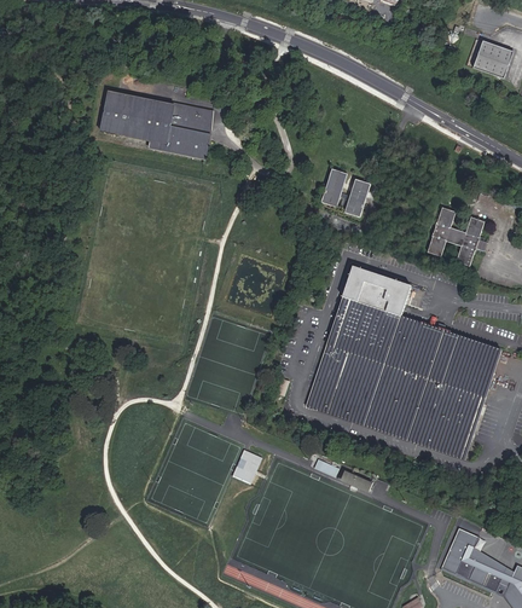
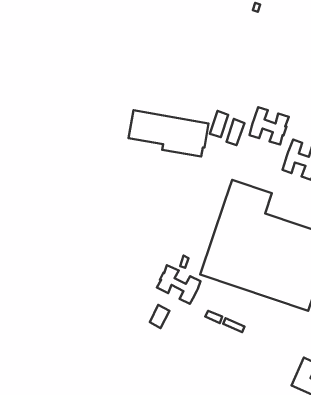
building: [97,89,214,157] -> [129,110,208,156]
building: none -> [249,107,289,145]
building: none -> [157,265,201,304]

